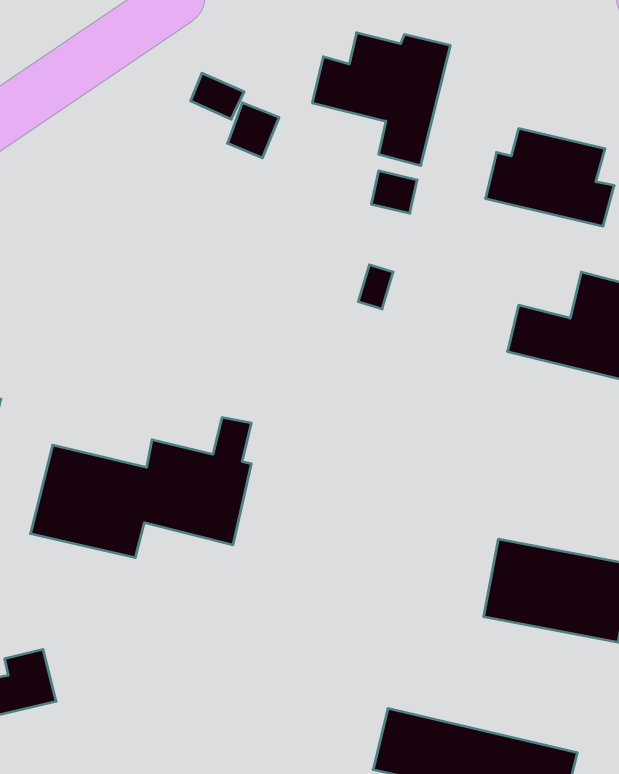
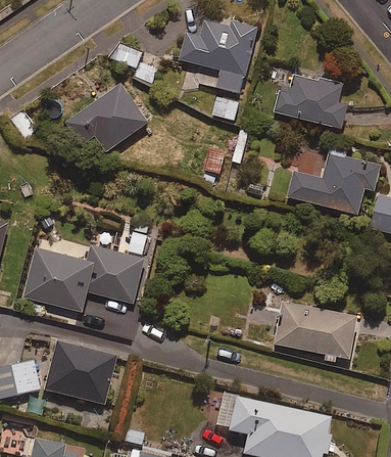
building: none -> [67,82,148,158]
building: none -> [44,342,114,404]

